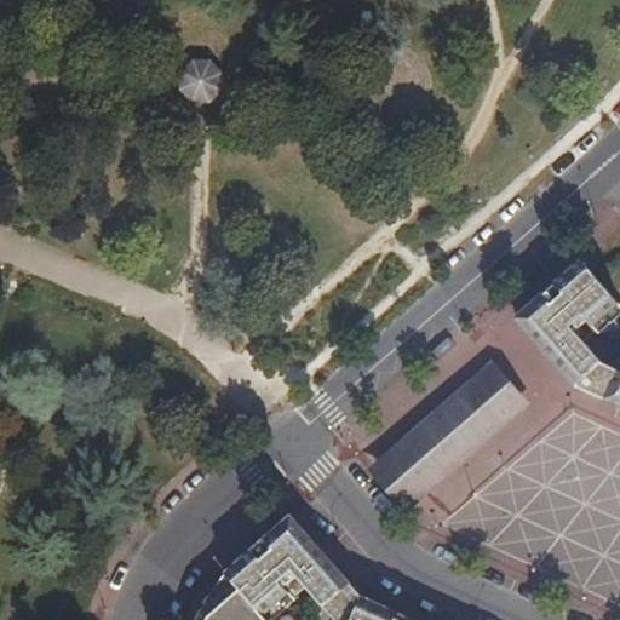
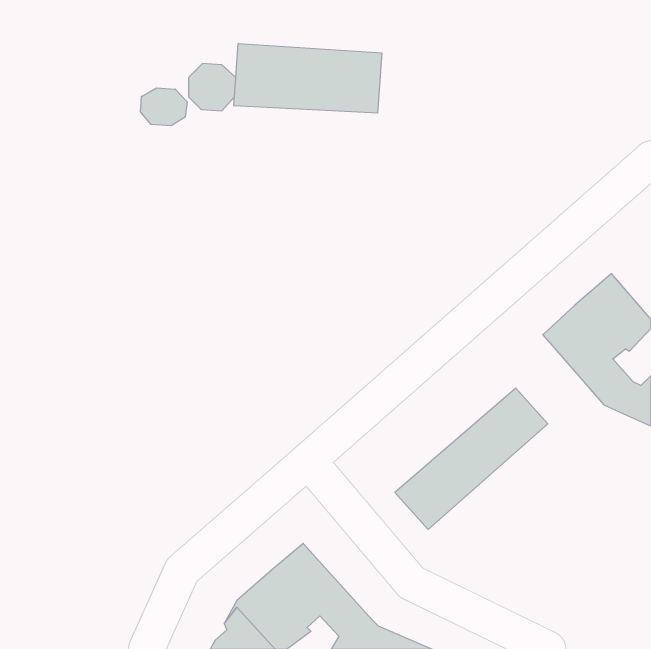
building: none -> [234,43,382,113]
building: none -> [140,88,187,126]

